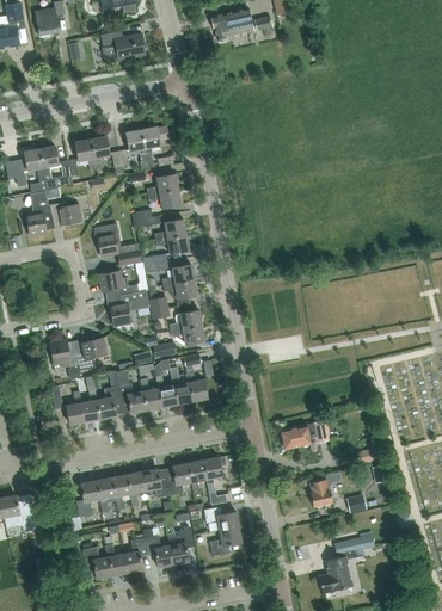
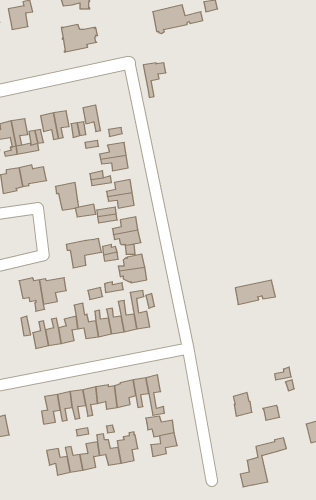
building: [142,126,170,168] -> [143,63,166,97]
building: [99,271,147,298] -> none
building: [282,420,331,450] -> [235,280,275,305]

